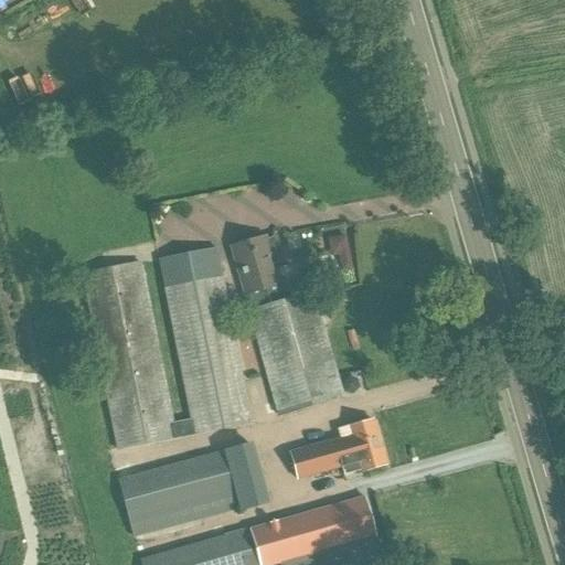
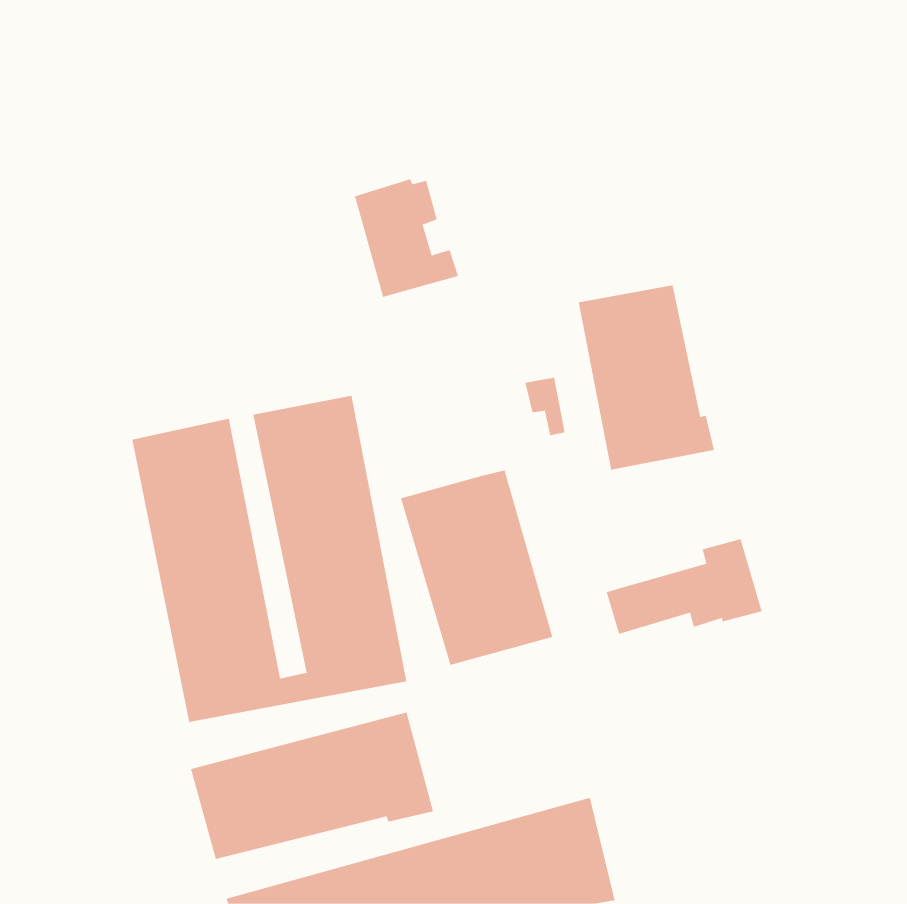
building: none -> [578,284,714,470]
building: [231,235,296,309] -> [354,178,459,298]
building: [290,418,387,478] -> [606,538,762,635]

